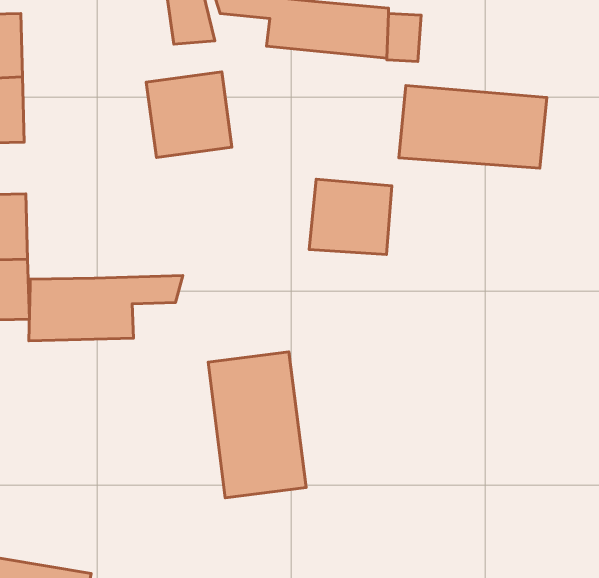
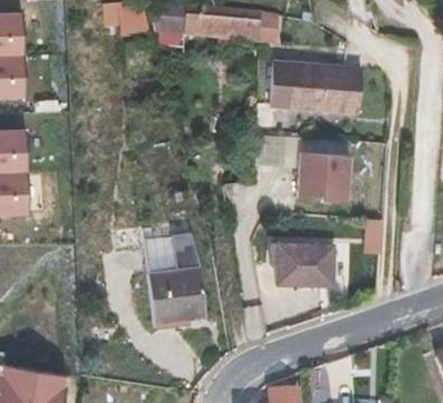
building: [146,72,232,158] -> none
building: [309,179,392,255] -> [298,153,351,202]
building: [29,276,183,341] -> none
building: none -> [272,244,334,285]

